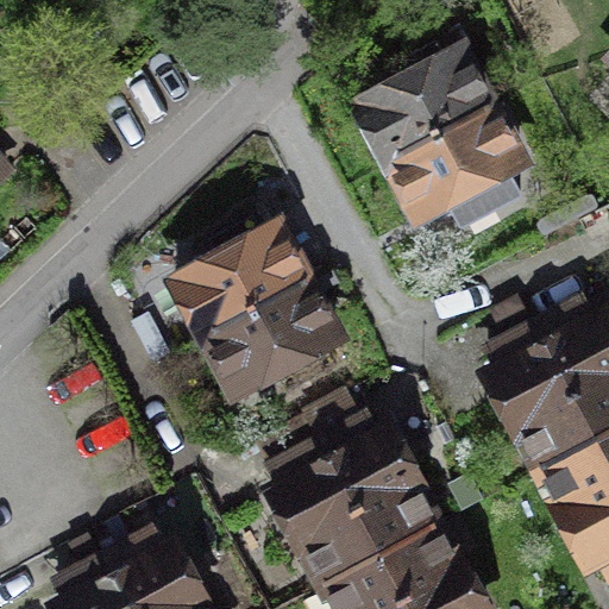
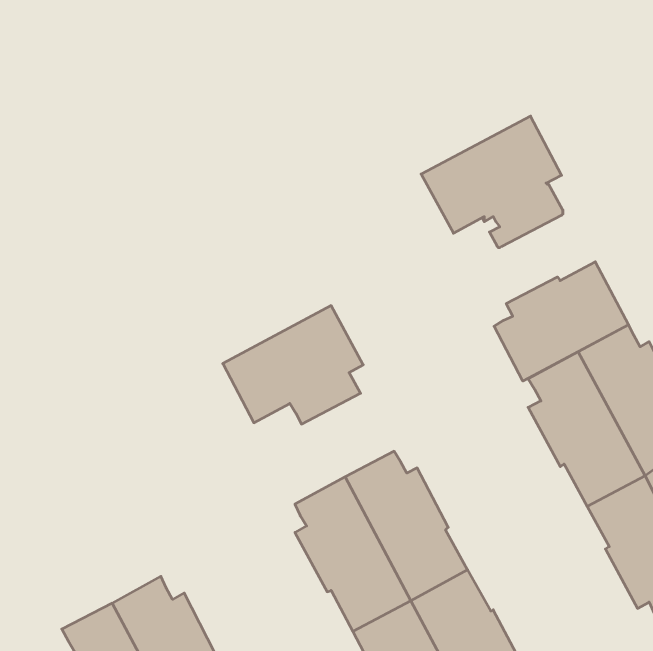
building: [365,46,495,168] -> none
building: [181,221,310,343] -> none
building: none -> [494,262,629,381]

